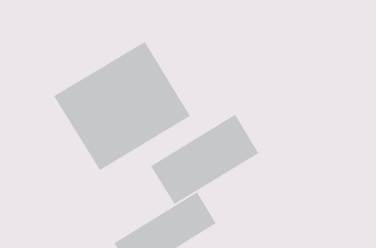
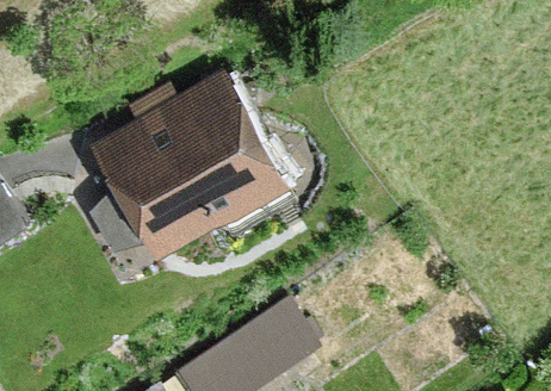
building: [150,114,259,205] -> none

